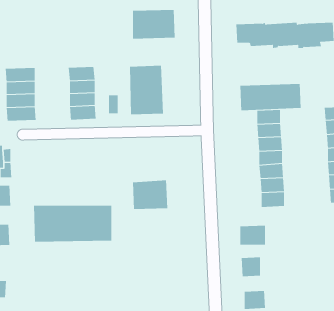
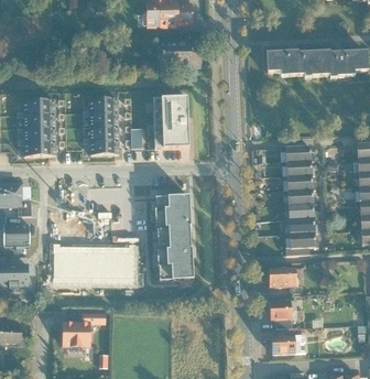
building: [240,83,301,111] -> none
building: none -> [154,187,192,218]
building: none -> [156,246,194,275]
building: none -> [59,310,105,343]

